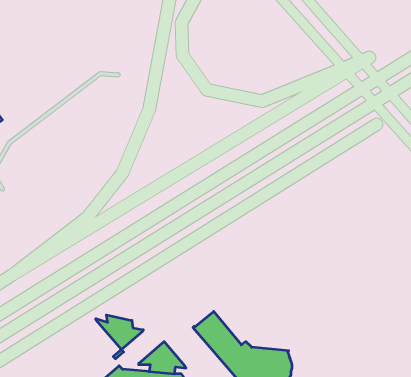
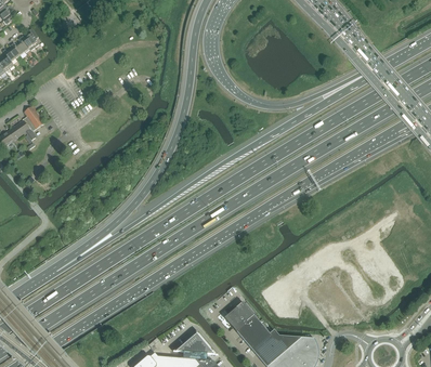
building: [96,315,143,350] -> none

